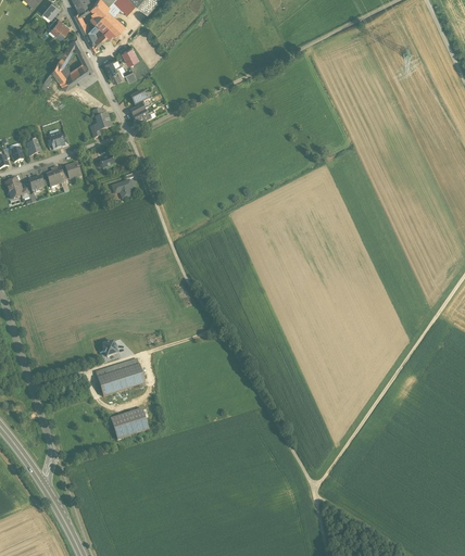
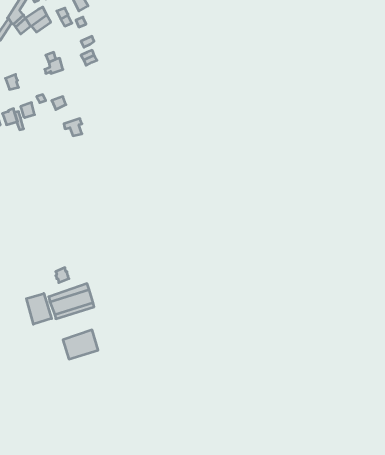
building: none -> [26,293,52,324]

